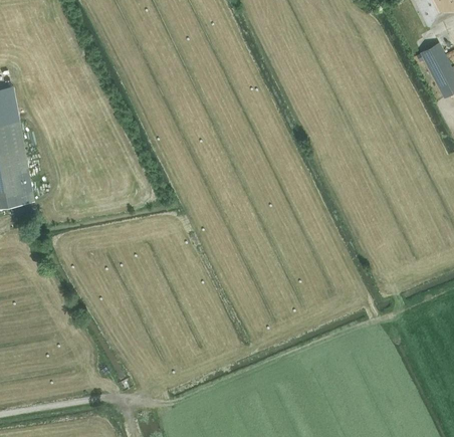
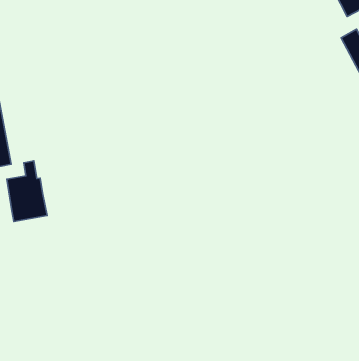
building: none -> [7,161,47,222]

